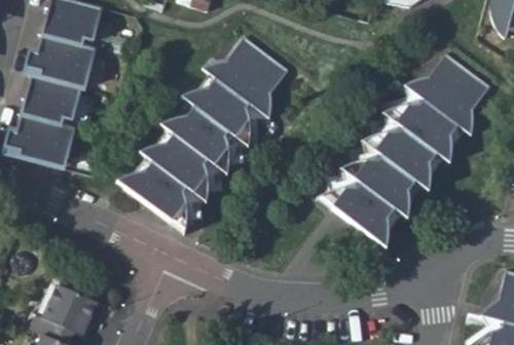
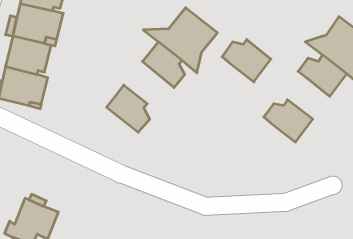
building: [174,111,228,174] -> none
building: [372,130,434,184] -> [222,39,271,82]
building: [130,168,185,229] -> none
building: [328,188,391,241] -> none

